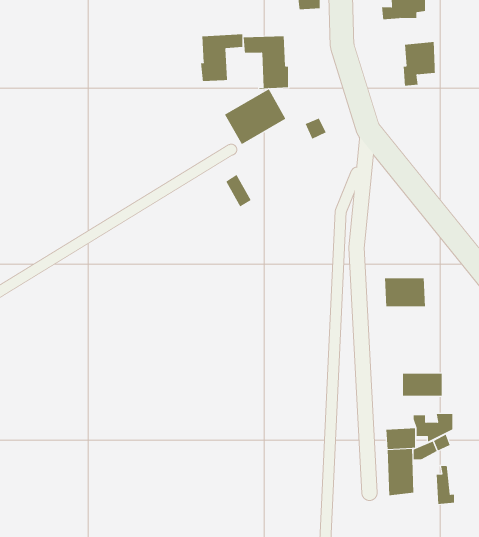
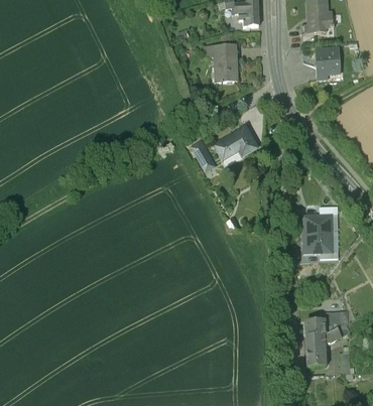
building: [200,33,243,82] -> none
building: [224,89,286,145] -> [215,126,258,165]
building: [402,373,443,396] -> [304,234,333,250]

